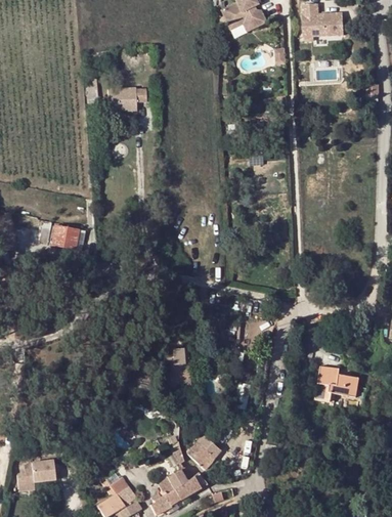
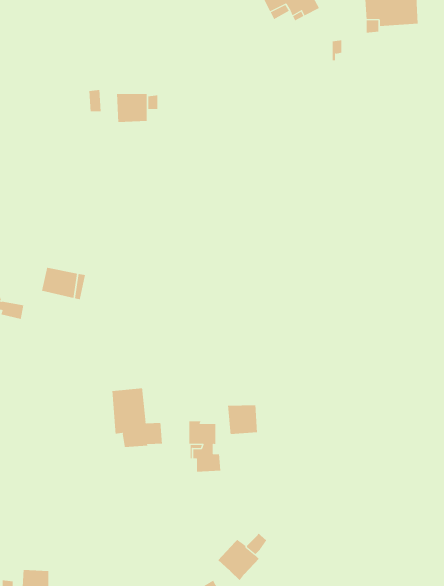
building: none -> [112,388,163,448]
building: none -> [227,404,257,435]
building: [315,367,358,401] -> none

